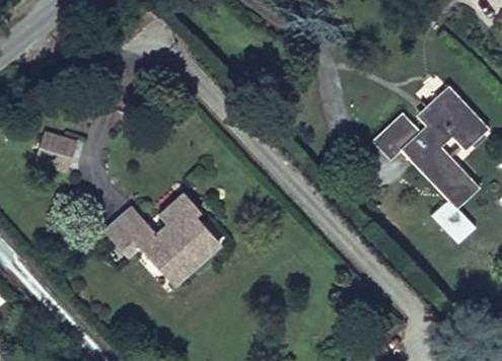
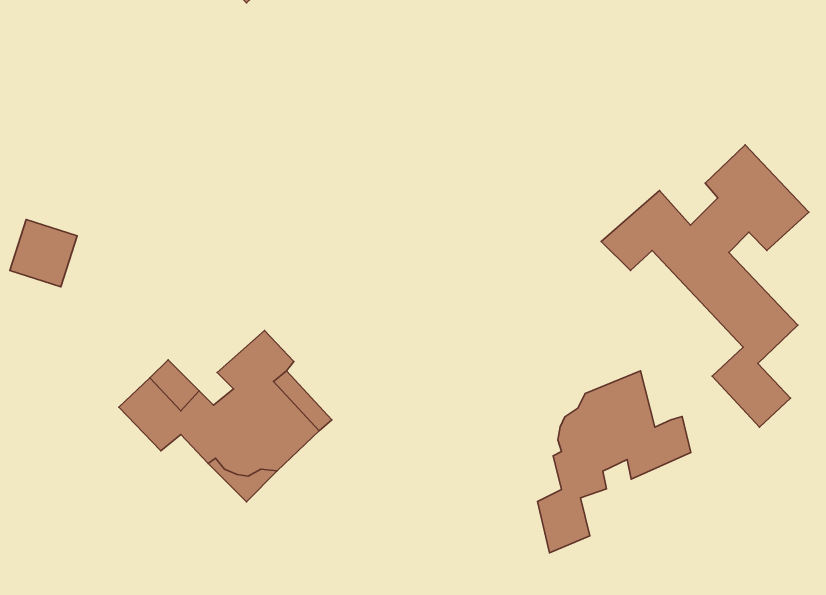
building: none -> [537,371,691,553]

